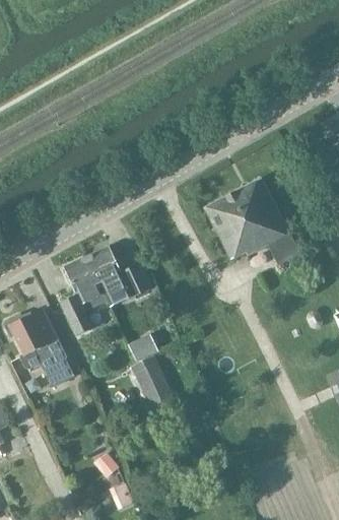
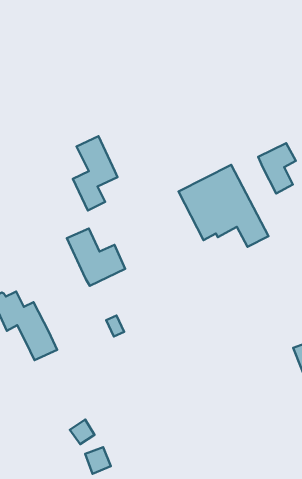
building: none -> [258,143,296,194]
building: [59,257,107,336] -> [73,136,118,210]
building: [131,355,175,410] -> none

